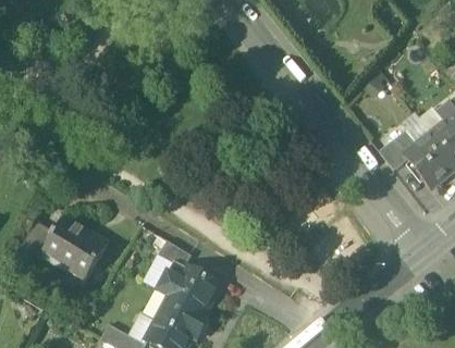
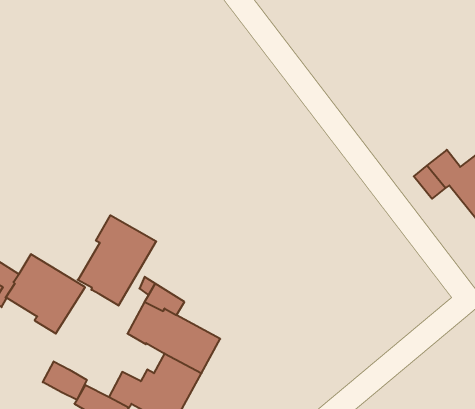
building: none -> [78,215,156,306]
building: none -> [43,361,87,400]

